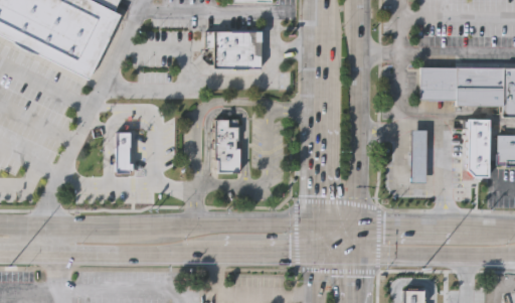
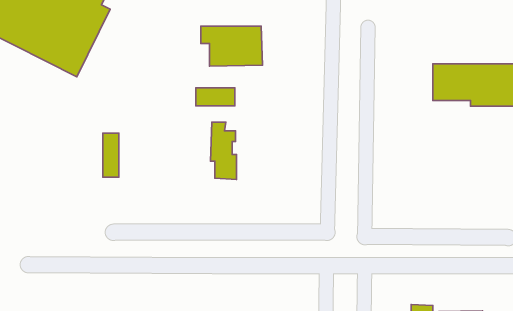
building: none -> [196,88,235,106]
building: [466,119,489,178] -> none
building: [410,130,426,183] -> none

